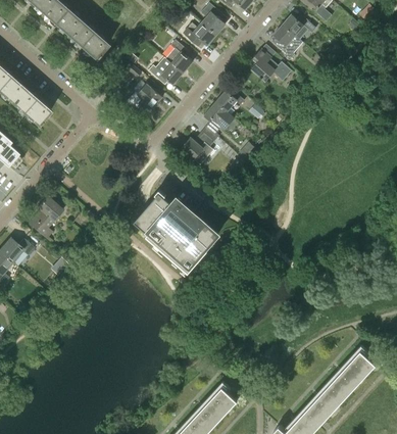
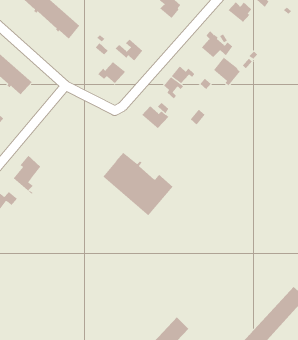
building: [184,22,216,48] -> none
building: [270,25,303,59] -> [213,57,241,86]
building: [166,39,193,73] -> none

